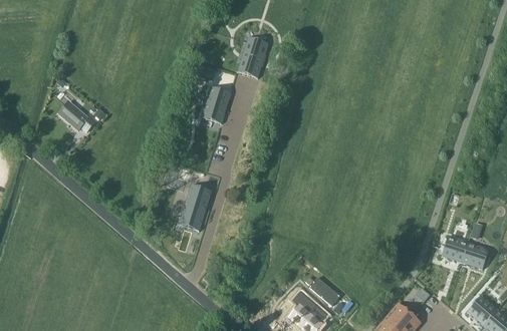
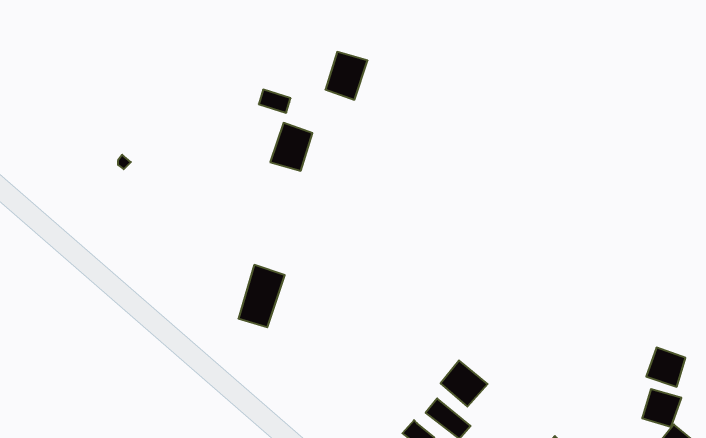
building: [58,102,95,132] -> none
building: [441,237,468,263] -> [642,389,681,427]
building: none -> [441,360,488,407]

